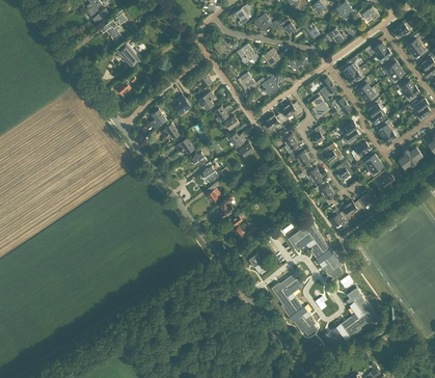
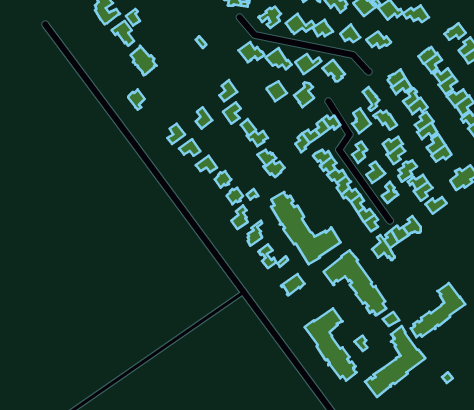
building: none -> [271,192,341,264]
building: none -> [411,283,465,337]

